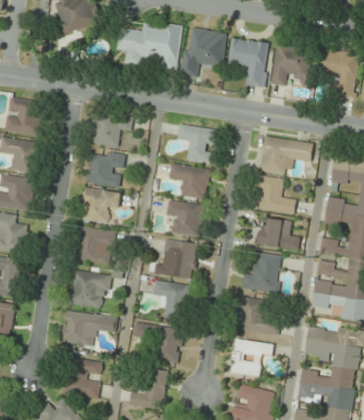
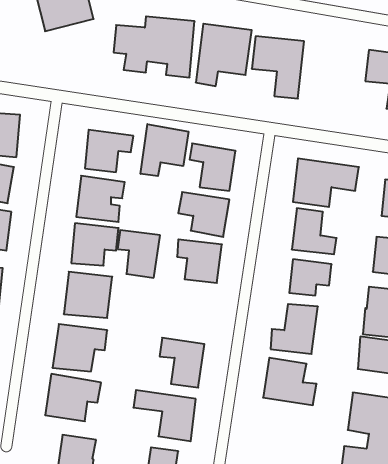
building: [272,43,315,87] -> none
building: none -> [141,124,188,176]
building: [163,241,198,279] -> [118,230,160,278]
building: [231,339,274,377] -> none

